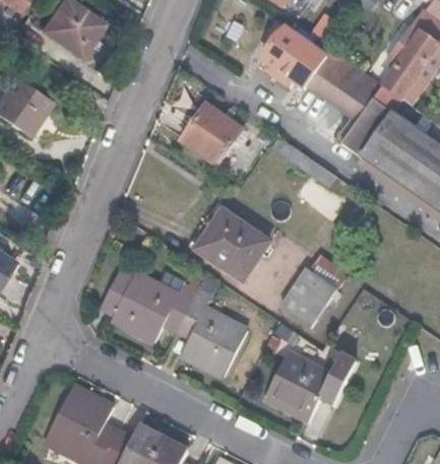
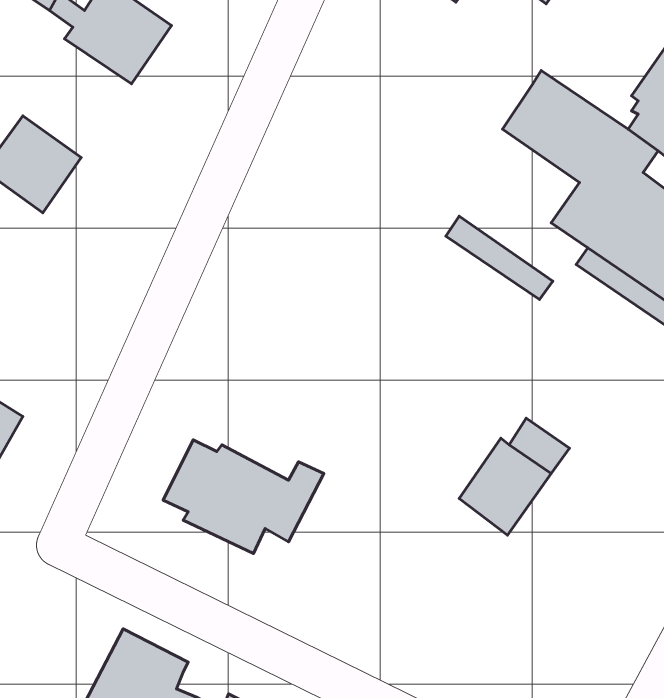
building: [262,27,325,88] -> none
building: [180,104,242,167] -> none
building: [197,212,270,282] -> none
building: [177,292,245,376] -> none
building: [266,353,354,420] -> none

